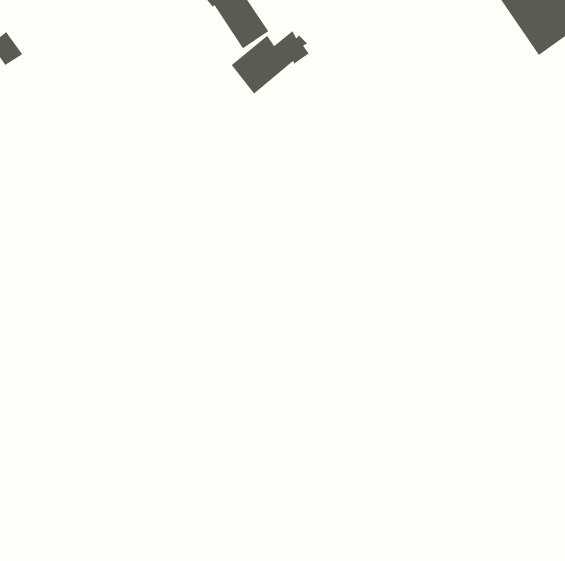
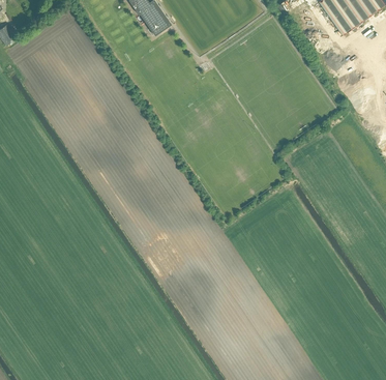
building: [231,30,310,95] -> none

